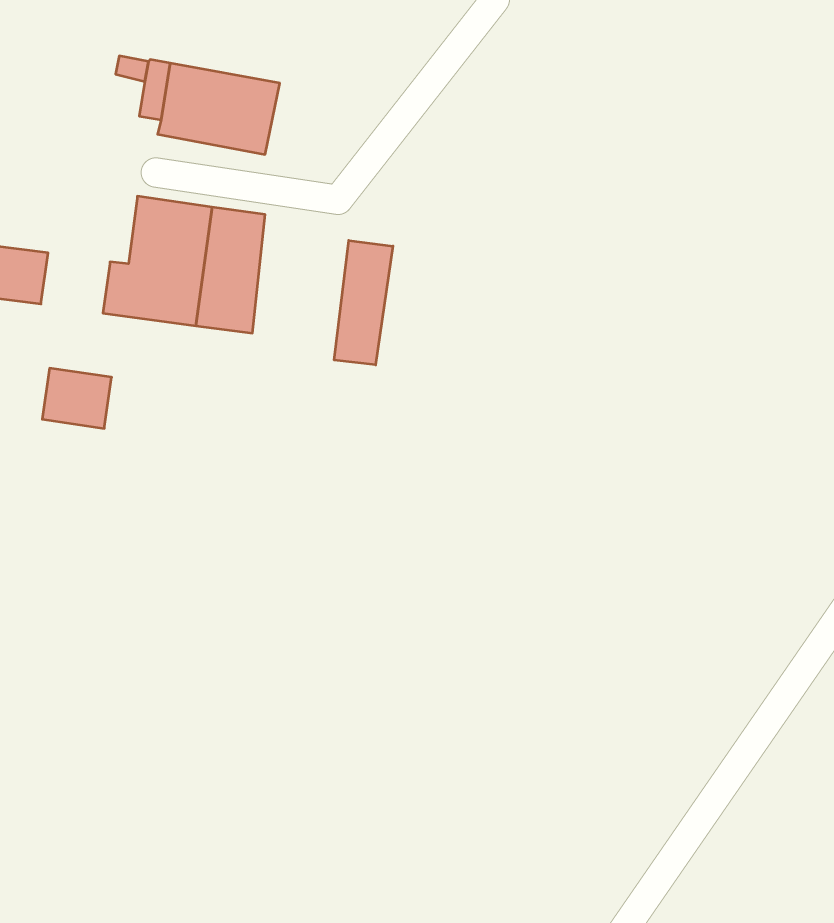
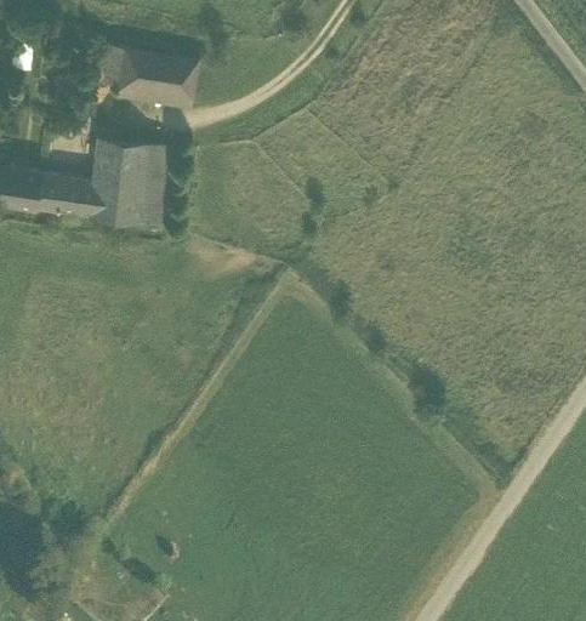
building: [334,240,393,365] -> none
building: [42,368,112,428] -> [29,173,75,213]

